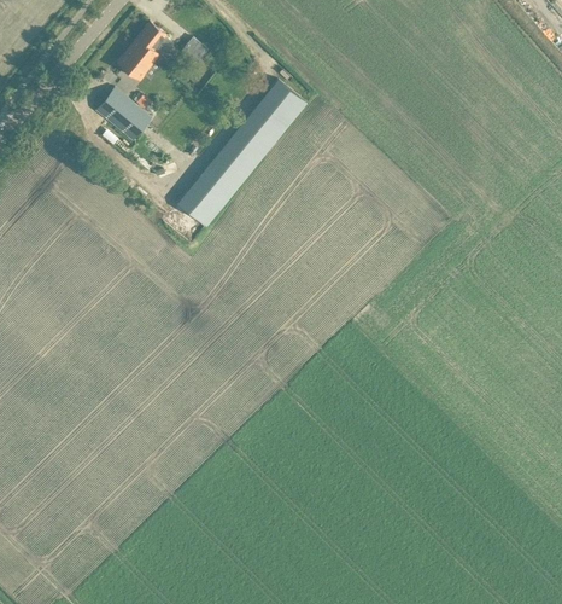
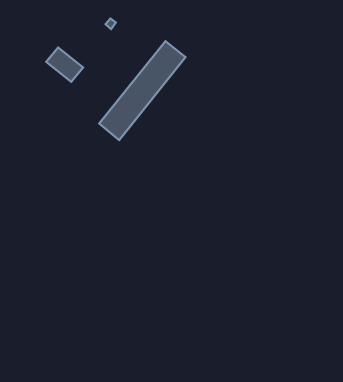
building: [116,23,171,81] -> none

